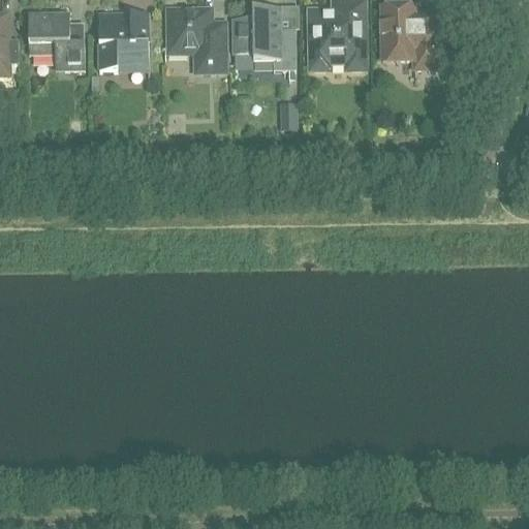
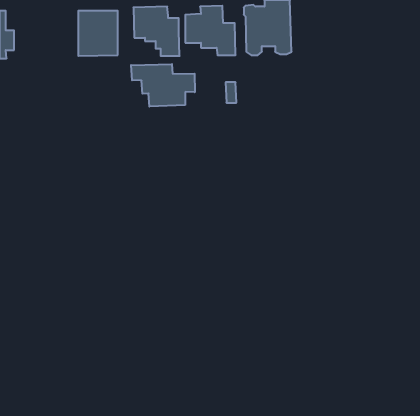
building: [381,5,438,68] -> none
building: [28,10,84,69] -> none
building: none -> [131,64,195,107]

